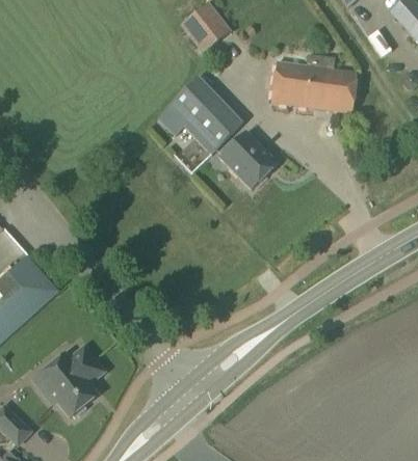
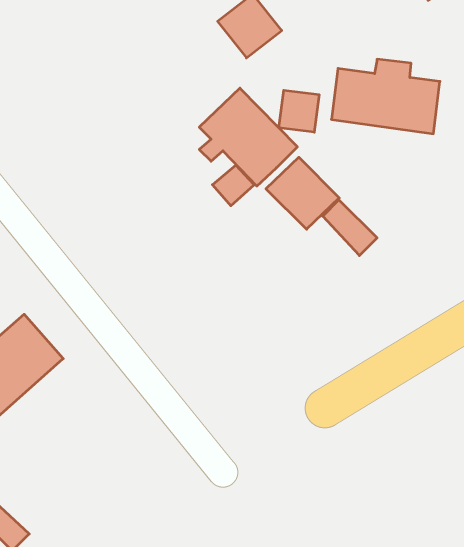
building: none -> [279,90,319,132]
building: none -> [323,200,377,256]
building: [33,345,105,416] -> none

